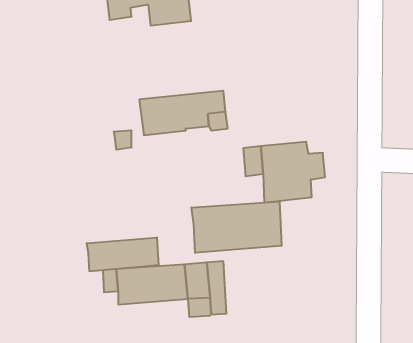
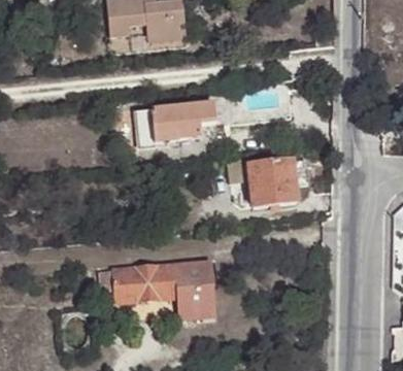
building: [191,202,282,253] -> none
building: [87,237,159,271] -> none

